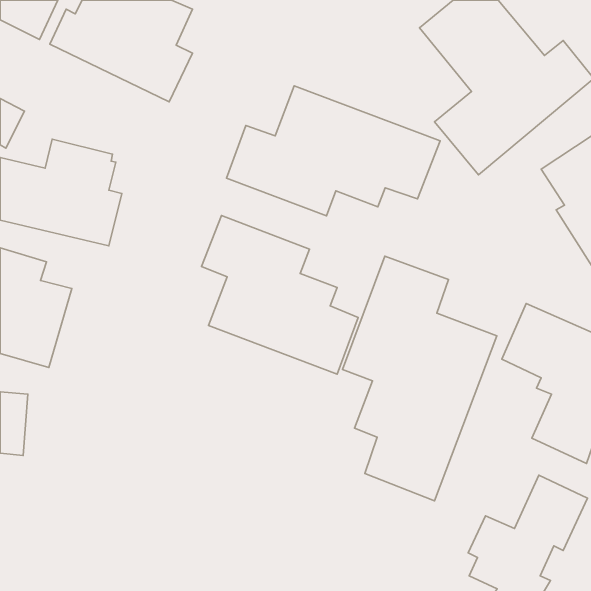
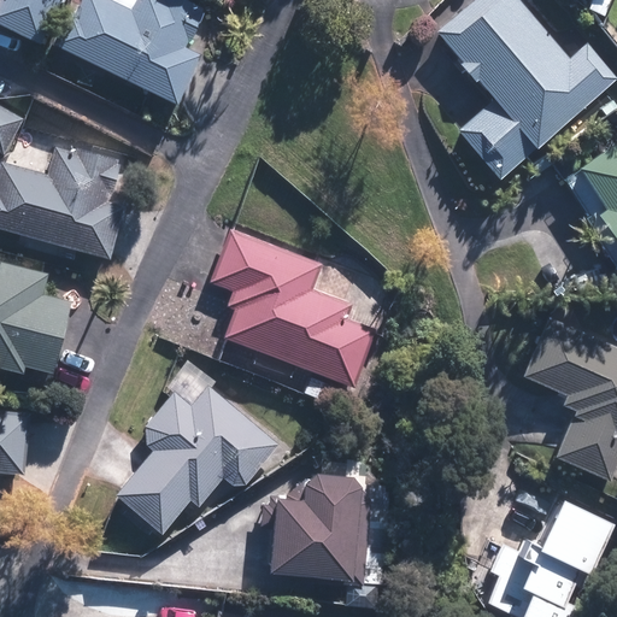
building: [226,86,440,216] -> none
building: [342,256,497,501] -> none
building: none -> [114,368,280,534]
building: none -> [260,492,368,578]

